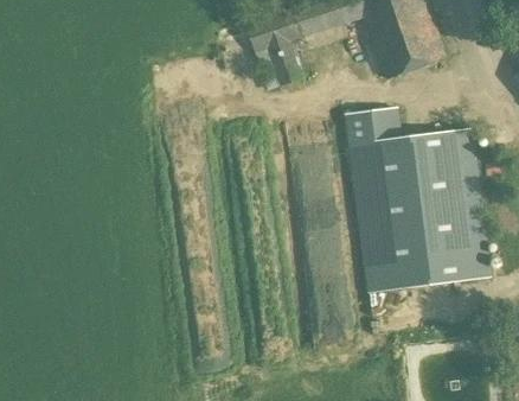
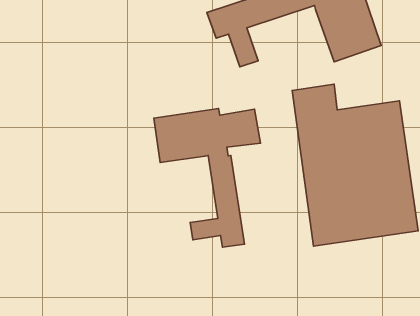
building: none -> [154,108,260,247]

